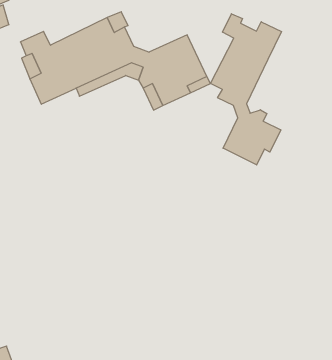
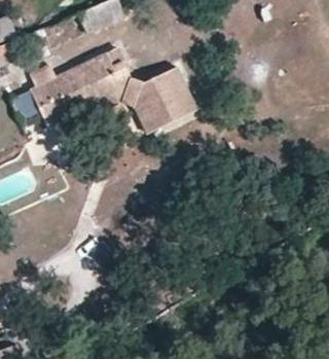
building: [210,14,282,165] -> none

